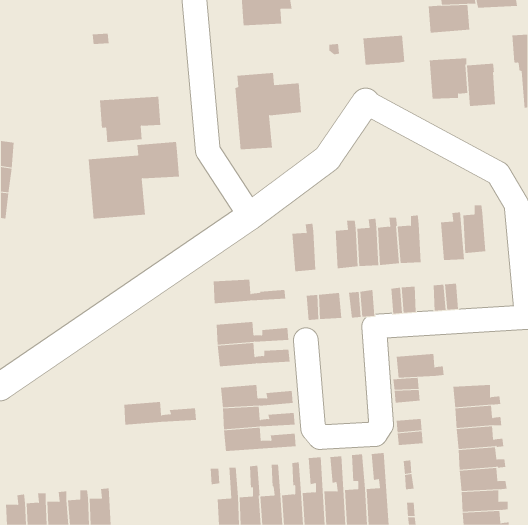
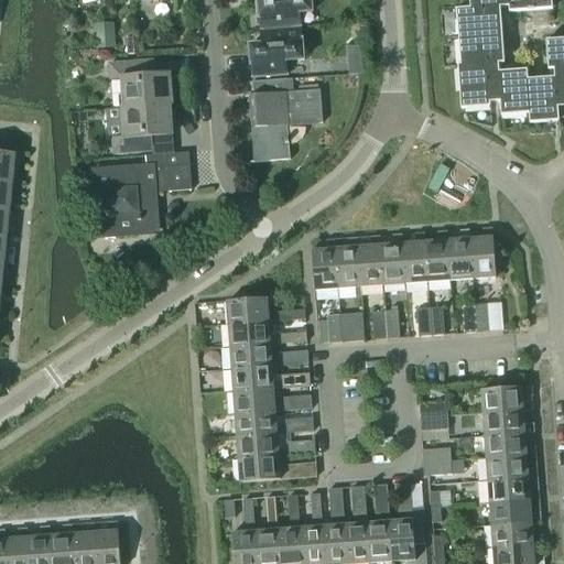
building: none -> [249,25,303,75]
building: [363,35,405,65] -> [458,32,503,64]
building: none -> [109,59,172,106]
building: none -> [527,76,558,121]
building: [462,205,486,253] -> [447,228,473,280]
building: none -> [335,236,359,288]
building: none -> [228,321,306,346]
building: [396,354,444,378] -> [480,386,532,412]
building: [124,402,197,425] -> [234,388,312,413]

